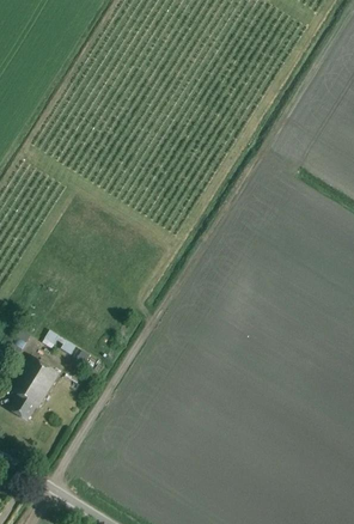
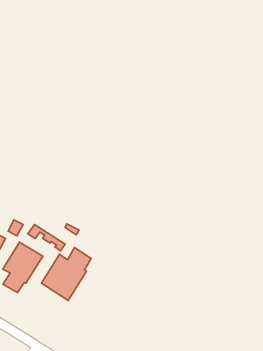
building: none -> [41,247,91,300]

